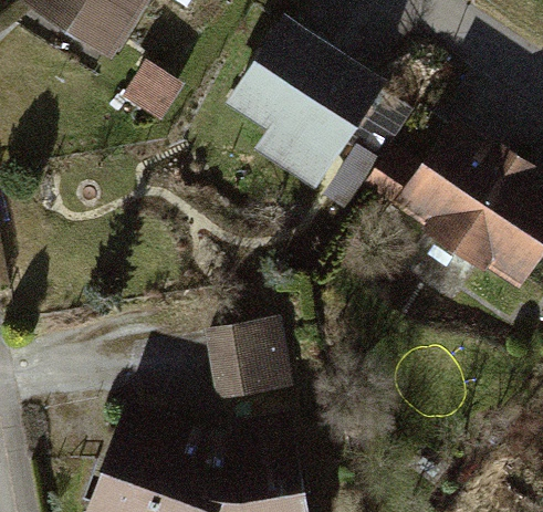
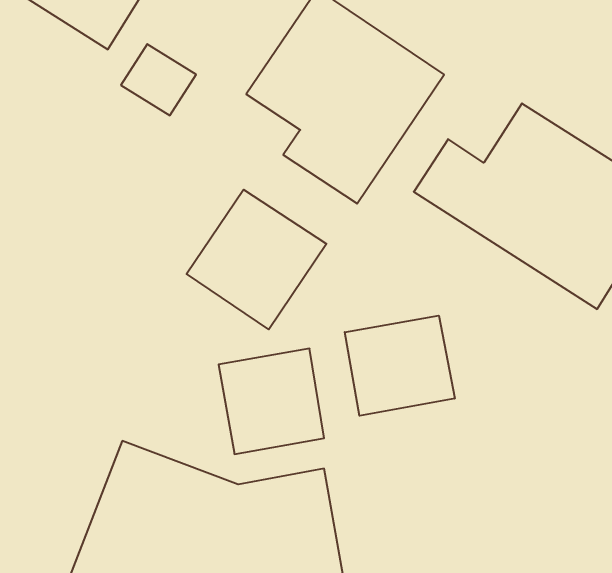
building: none -> [187,190,326,329]
building: none -> [345,316,455,416]

